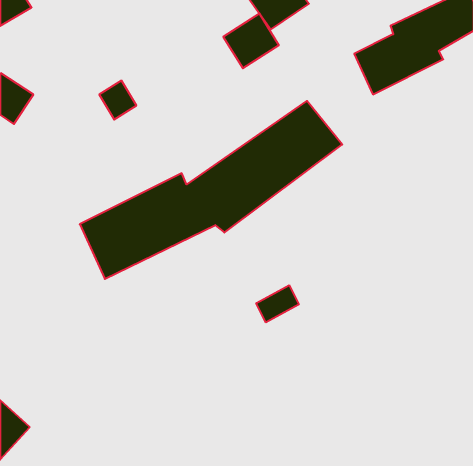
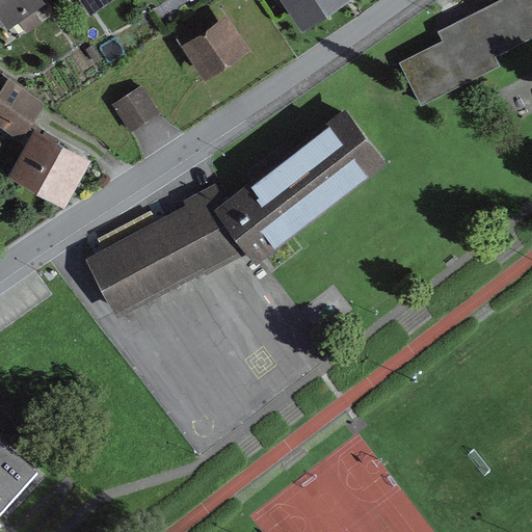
building: [223,14,279,68] -> [185,18,247,79]
building: none -> [12,135,83,209]
building: [256,285,299,322] -> none

